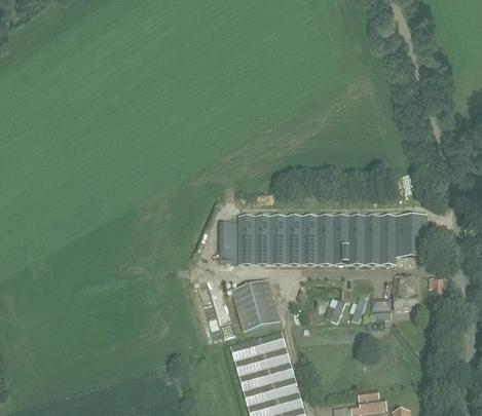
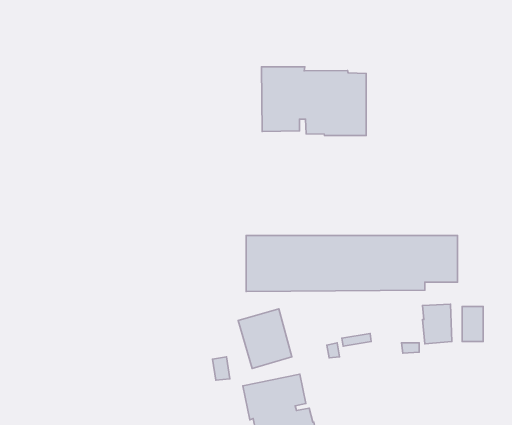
building: none -> [261,67,366,135]
building: [217,222,235,262] -> none

